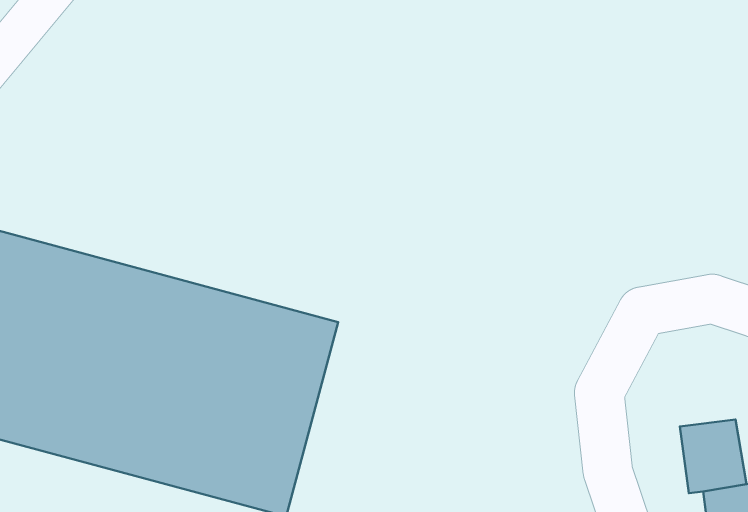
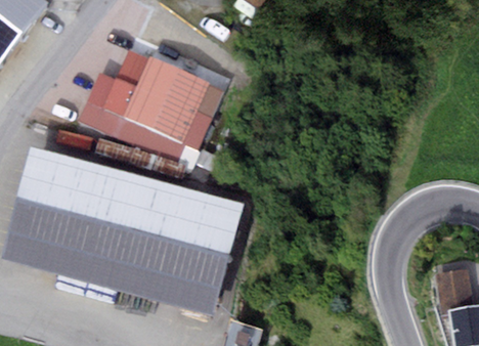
building: none -> [81,47,225,160]

